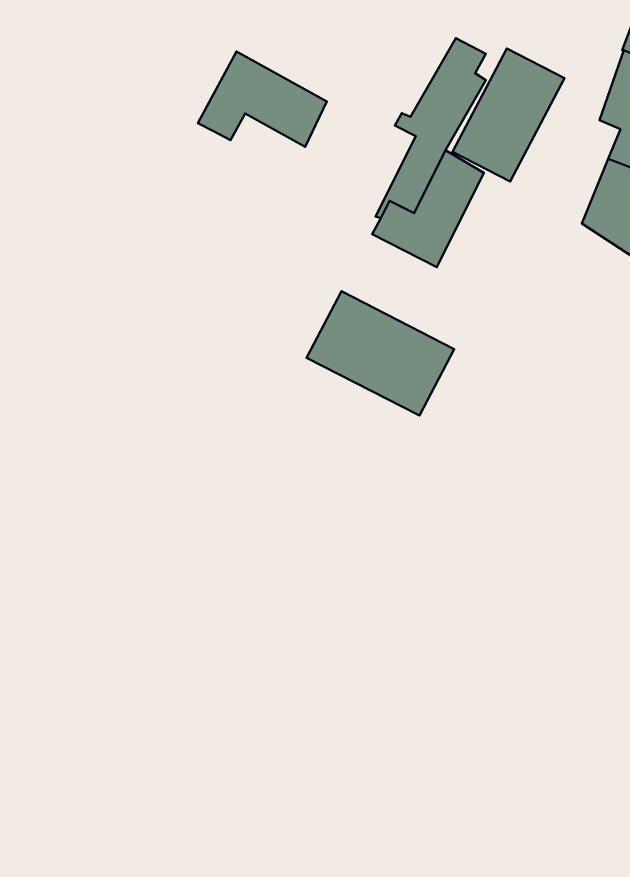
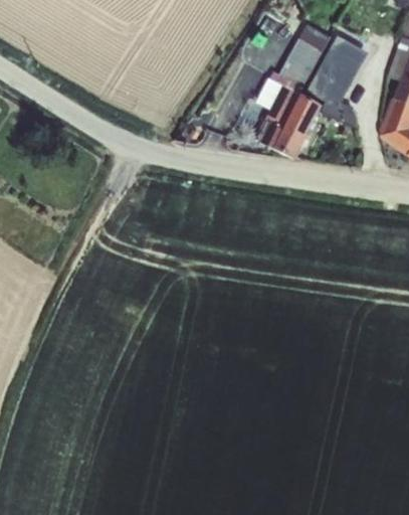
building: [198,52,327,147] -> none
building: [307,291,454,416] -> none

